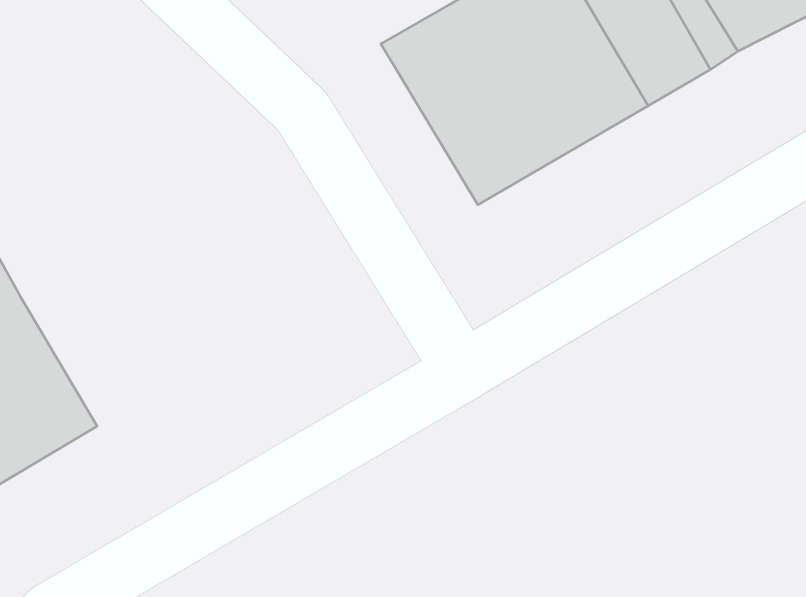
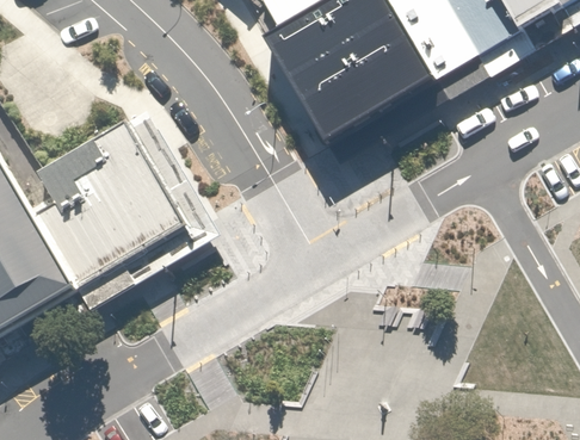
building: none -> [30,117,191,286]

